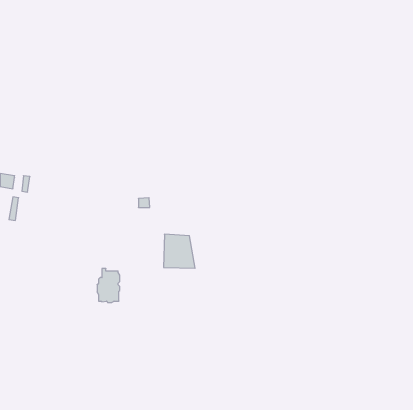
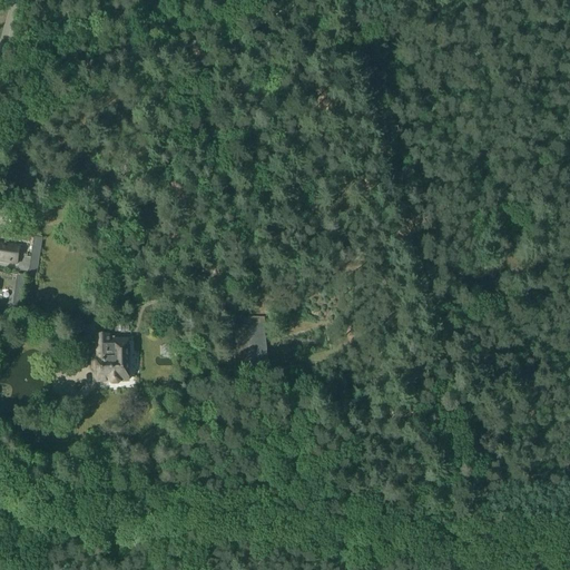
building: [97,269,120,303] -> [99,332,130,379]

